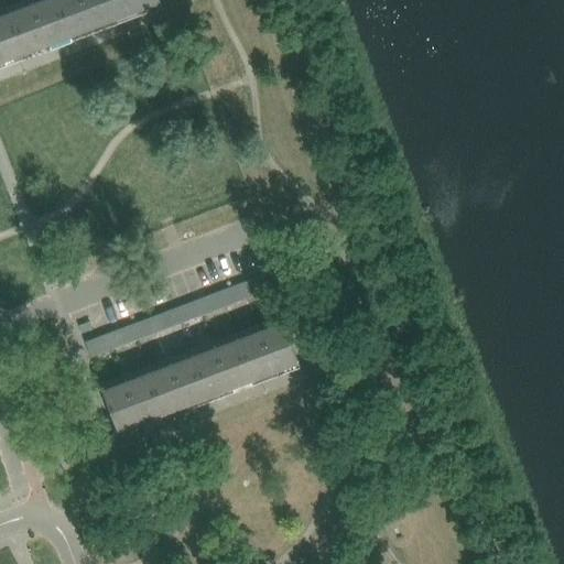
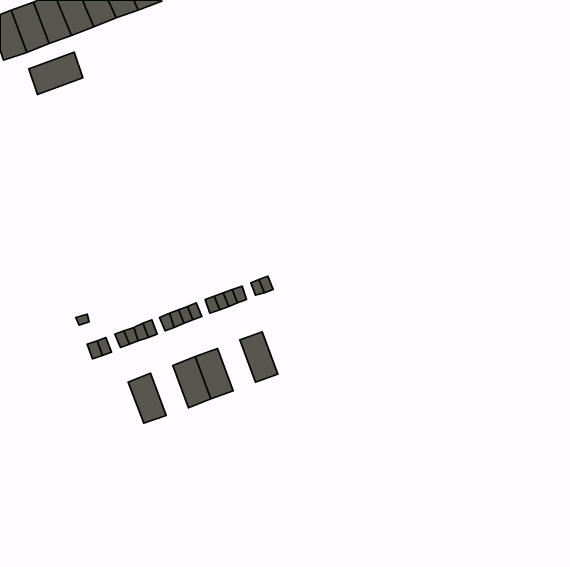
building: none -> [29,52,83,95]
building: [259,322,297,372] -> none
building: [215,338,252,389] -> none
building: [149,364,186,413] -> none
building: [104,380,142,430] -> none

